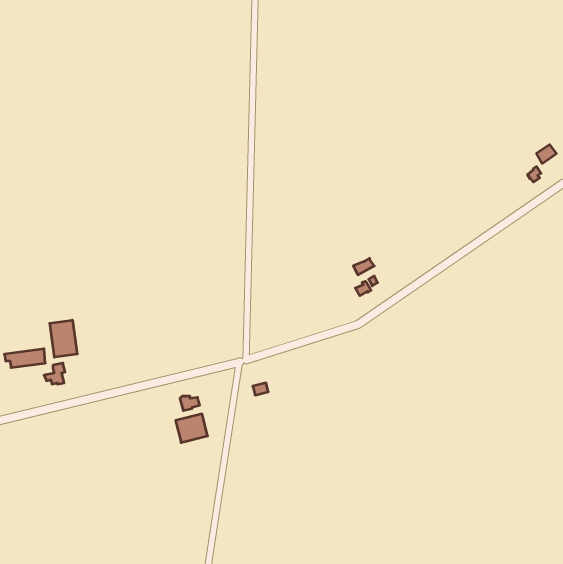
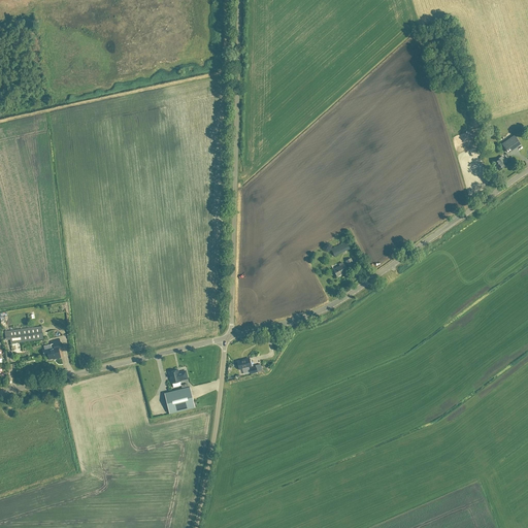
building: [50,320,77,357] -> none

